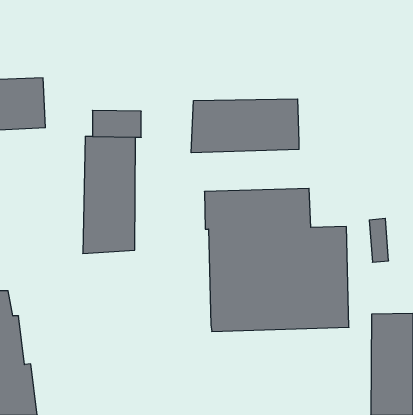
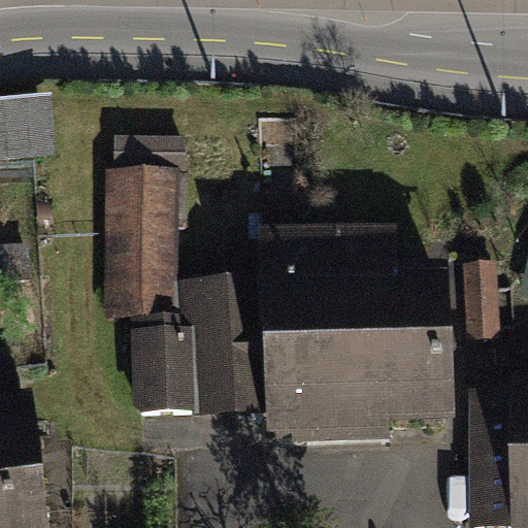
building: [191,99,299,153] -> none
building: none -> [139,291,268,417]

